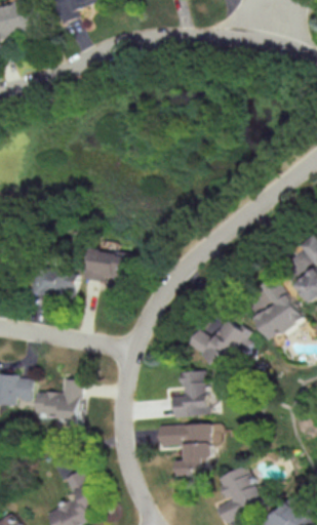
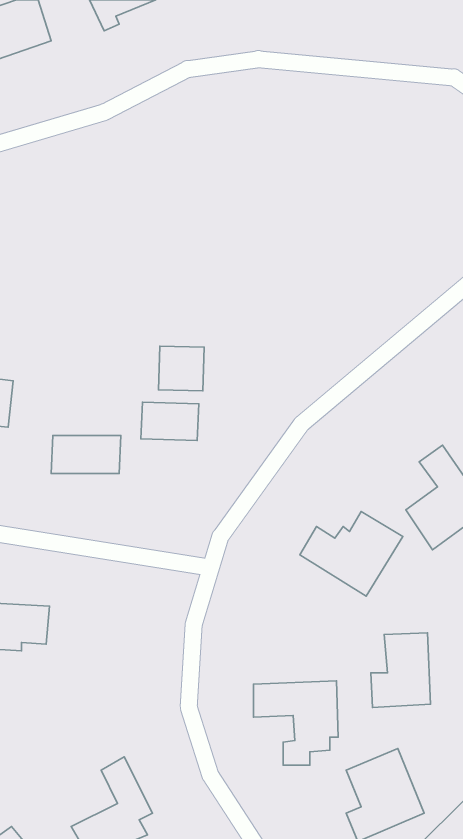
building: none -> [159,346,204,391]
building: [171,371,208,417] -> [371,633,431,708]
building: [35,377,80,419] -> none

